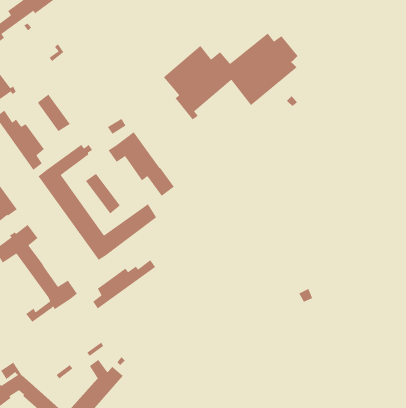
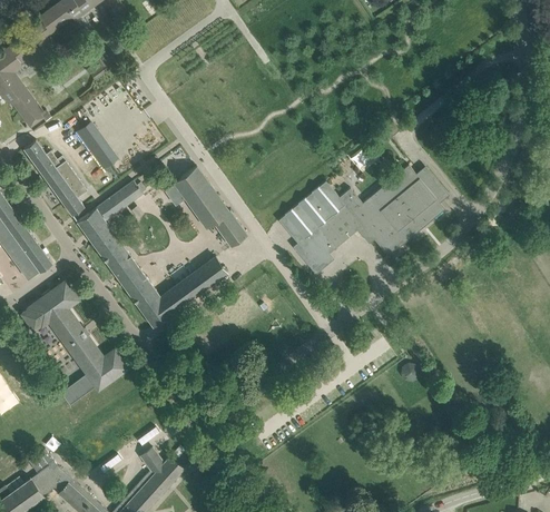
building: [163,32,298,120] -> [278,166,446,275]
building: [85,173,121,214] -> none
building: [92,259,156,309] -> none

